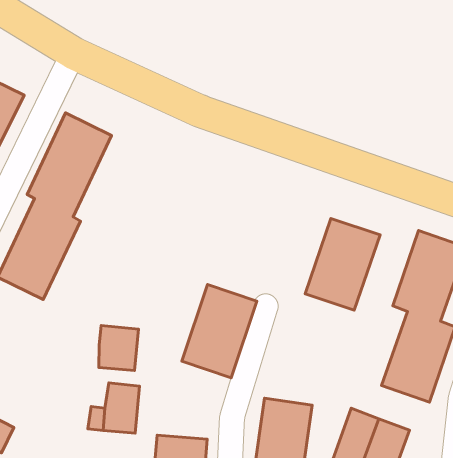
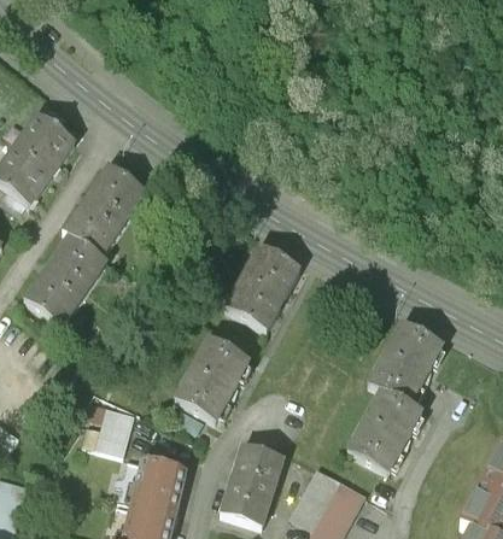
building: [305,218,380,310] -> [227,240,302,324]
building: [99,326,139,371] -> none

